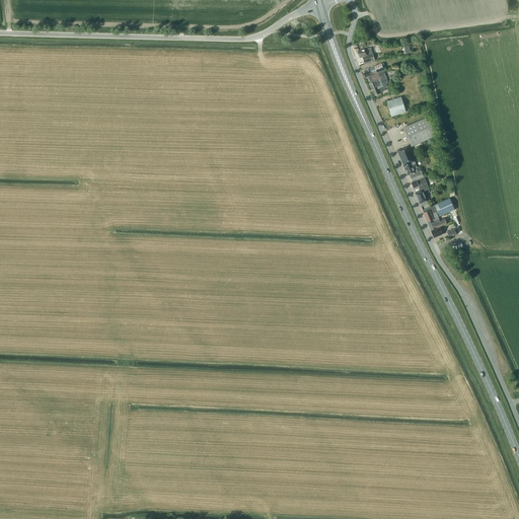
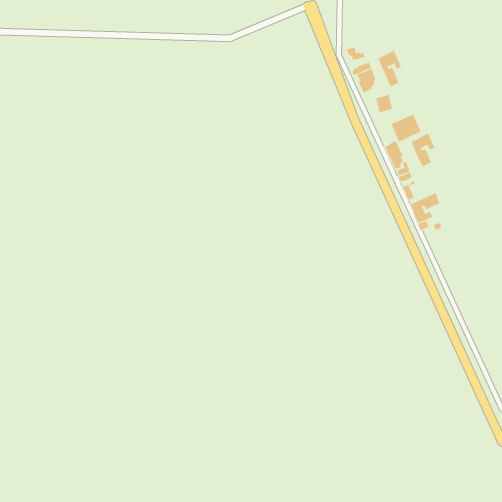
building: none -> [378,50,402,88]
building: none -> [411,133,435,167]

